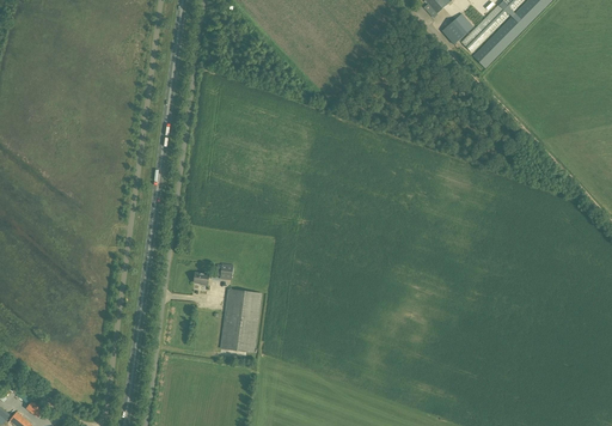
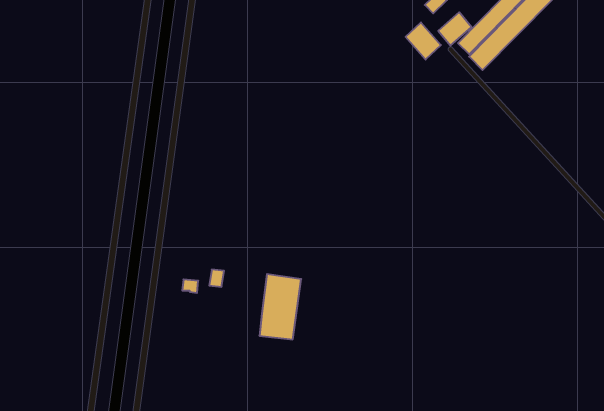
building: none -> [406,22,441,60]
building: [220,288,261,352] -> [259,274,301,339]

